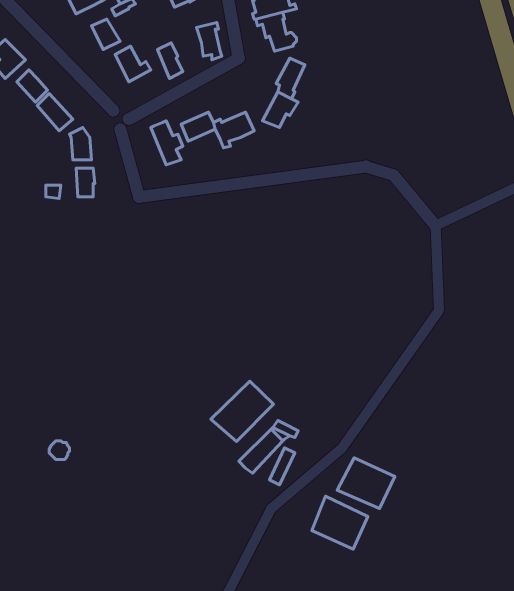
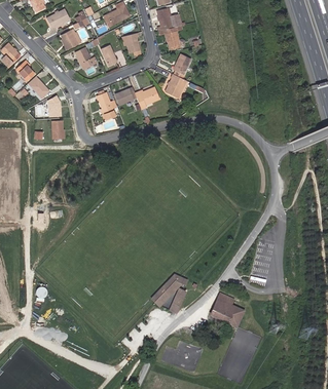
building: [211,381,274,441] -> none
building: [312,496,368,549] -> none

